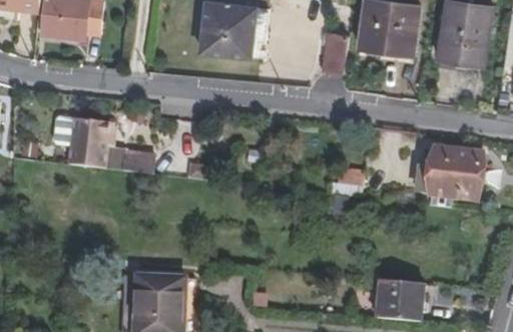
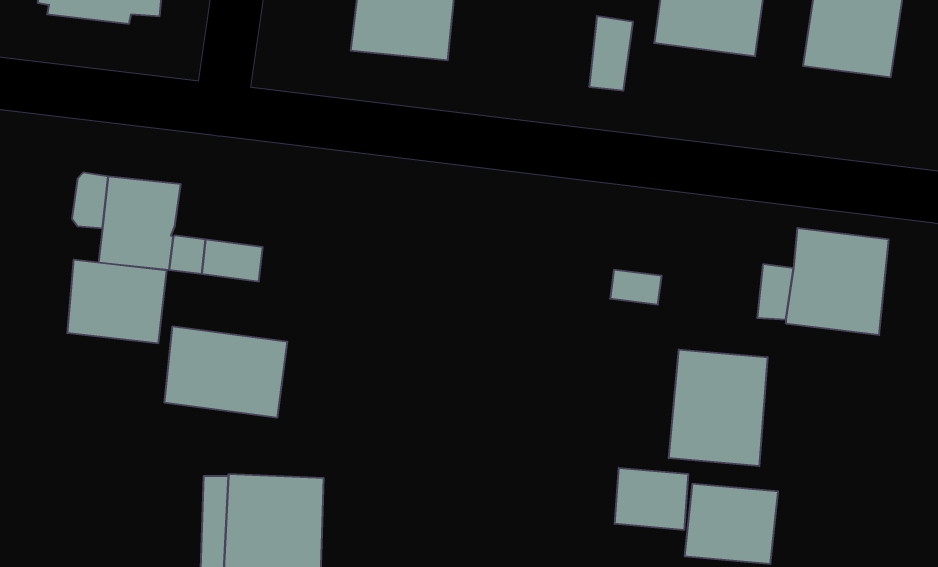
building: none -> [67,260,166,343]
building: none -> [165,326,287,418]
building: none -> [669,349,768,466]
building: none -> [615,468,688,530]

